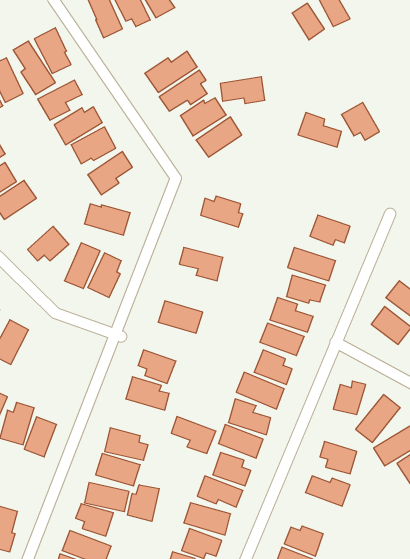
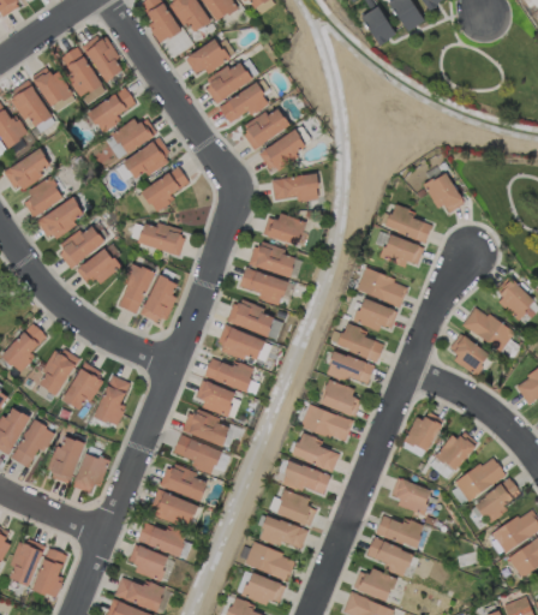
building: none -> [186,35,235,73]
building: [220,77,265,104] -> [271,173,319,202]
building: [341,102,379,140] -> [424,172,465,213]
building: [298,113,341,147] -> [385,204,432,241]
building: none -> [60,225,107,269]
building: none -> [250,241,297,279]
building: none -> [227,300,275,335]
building: none -> [204,358,255,392]
building: none -> [62,362,104,411]
building: none -> [95,375,131,426]
building: [171,417,216,453] -> [174,435,222,474]
building: [127,485,159,521] -> none
building: none -> [367,539,413,577]

